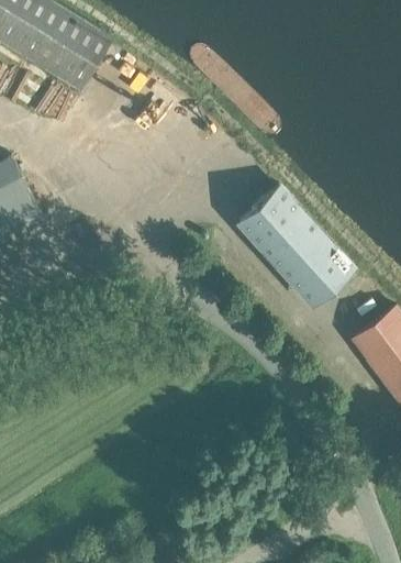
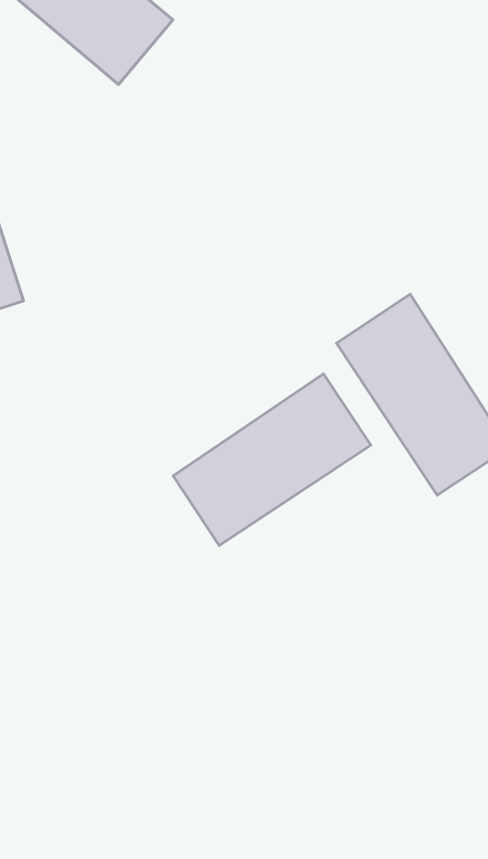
building: none -> [173,374,371,545]

